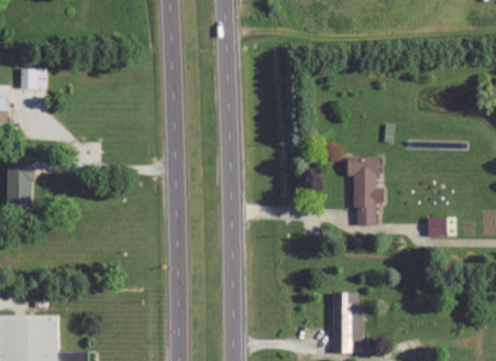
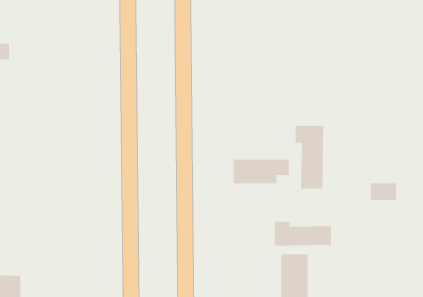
building: none -> [233,159,289,184]
building: none -> [274,221,332,246]

